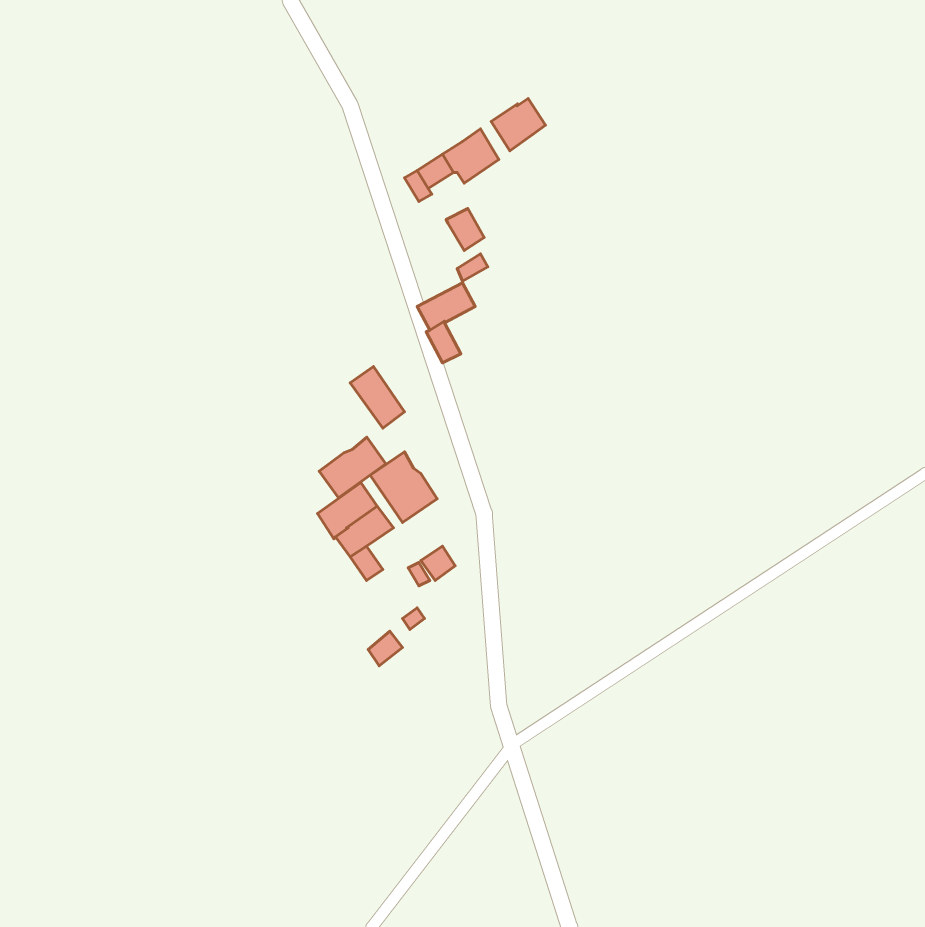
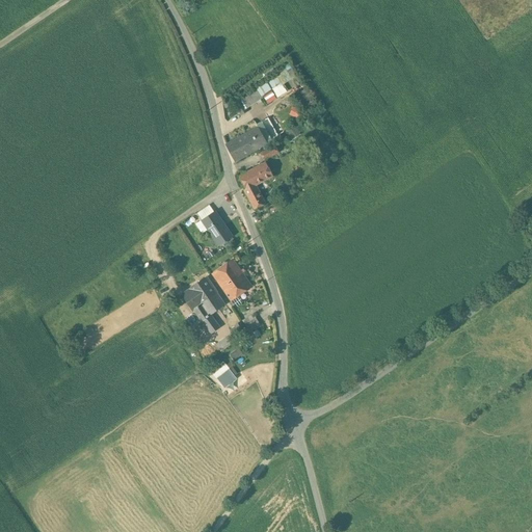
building: [491,98,546,151] -> none
building: none -> [225,128,266,161]
building: [319,437,386,498] -> none

